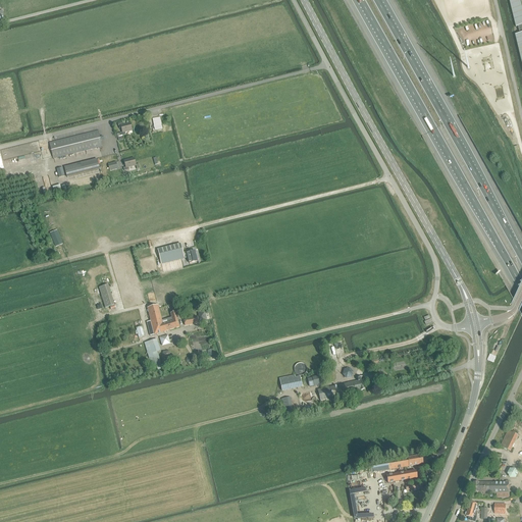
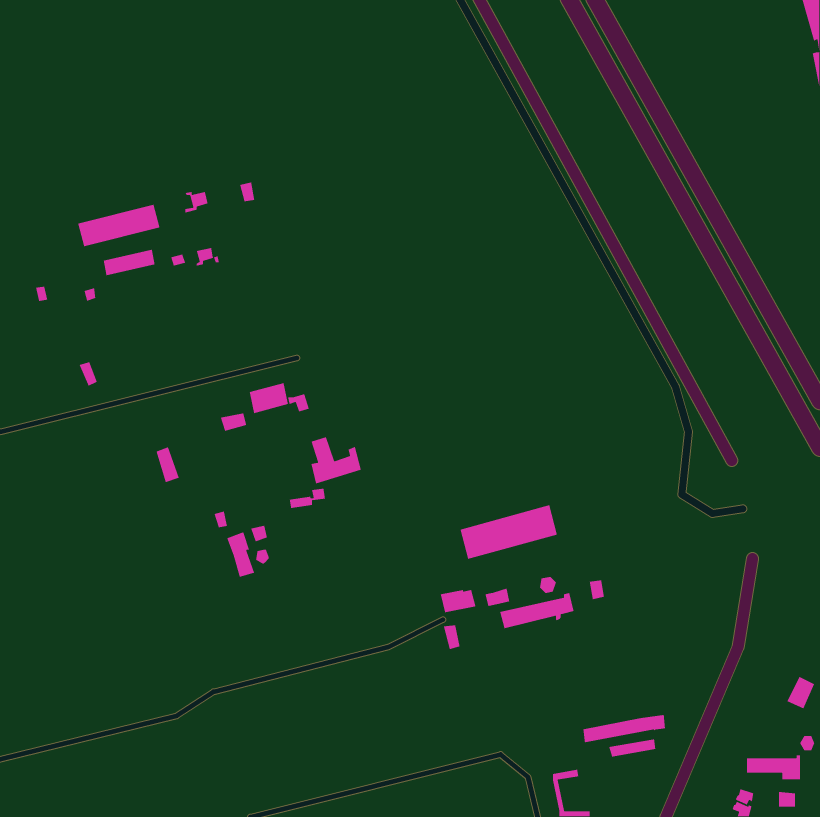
building: [147,304,179,334] -> [311,436,362,484]
building: none -> [460,504,558,560]

